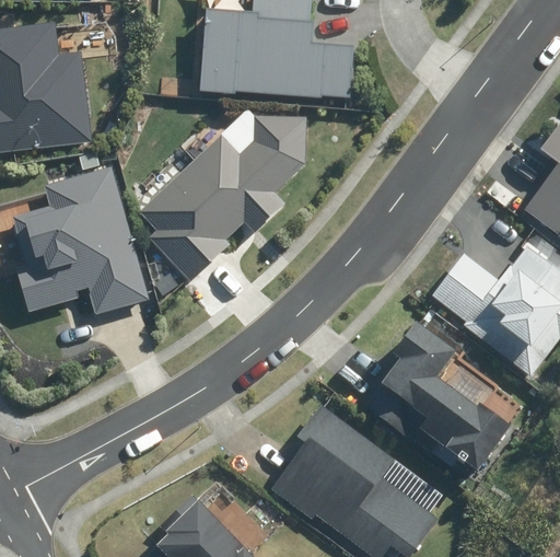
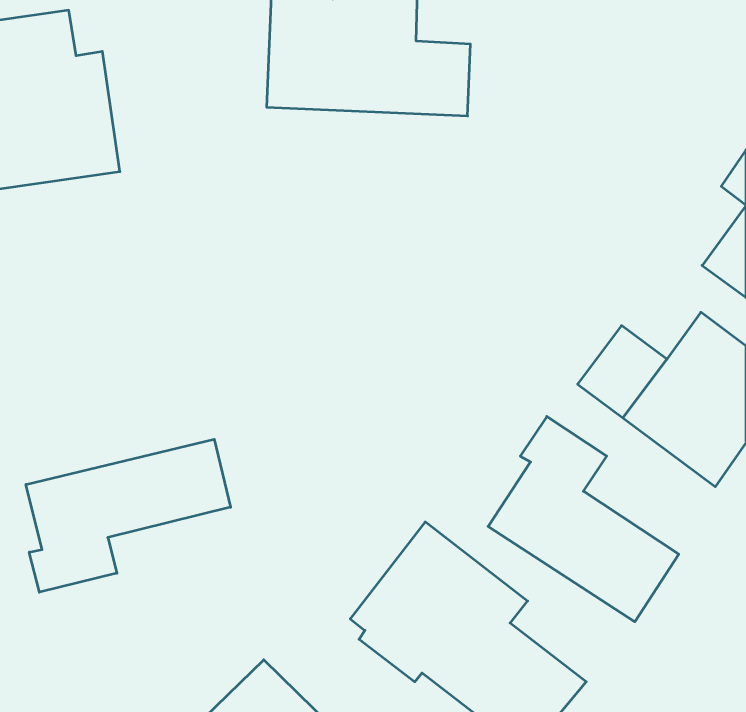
building: [136,106,308,285] -> none
building: [12,173,150,313] -> none
building: none -> [26,439,231,592]

